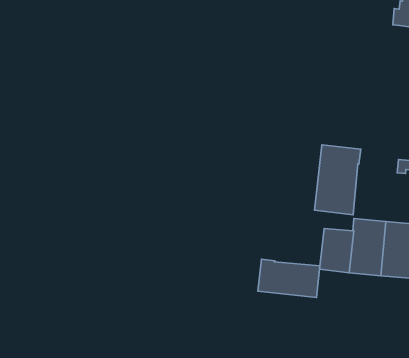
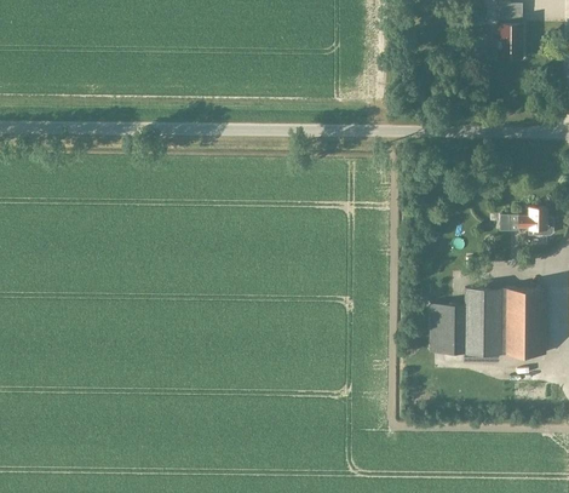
building: [314,145,361,215] -> none
building: [258,259,320,298] -> none

